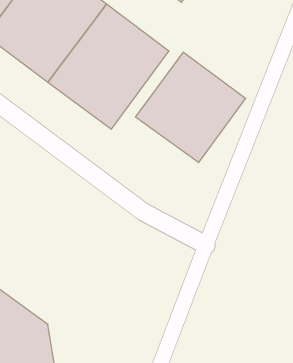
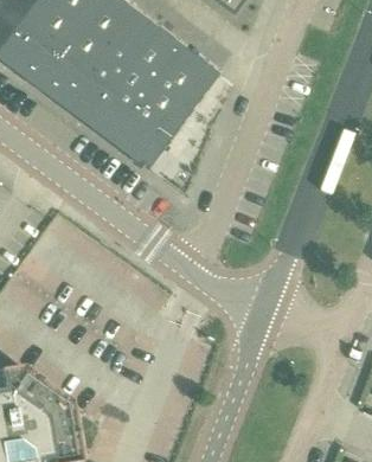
building: [135,52,246,163] -> none

